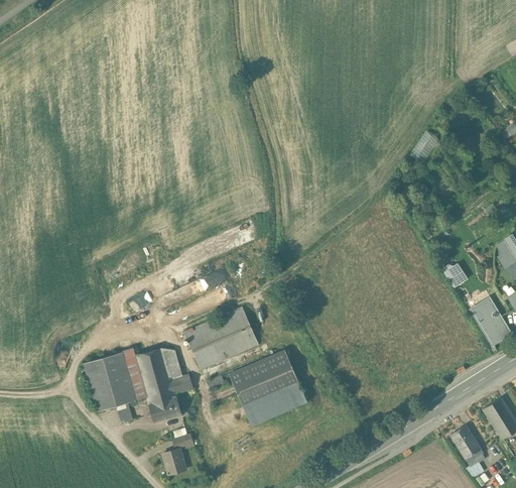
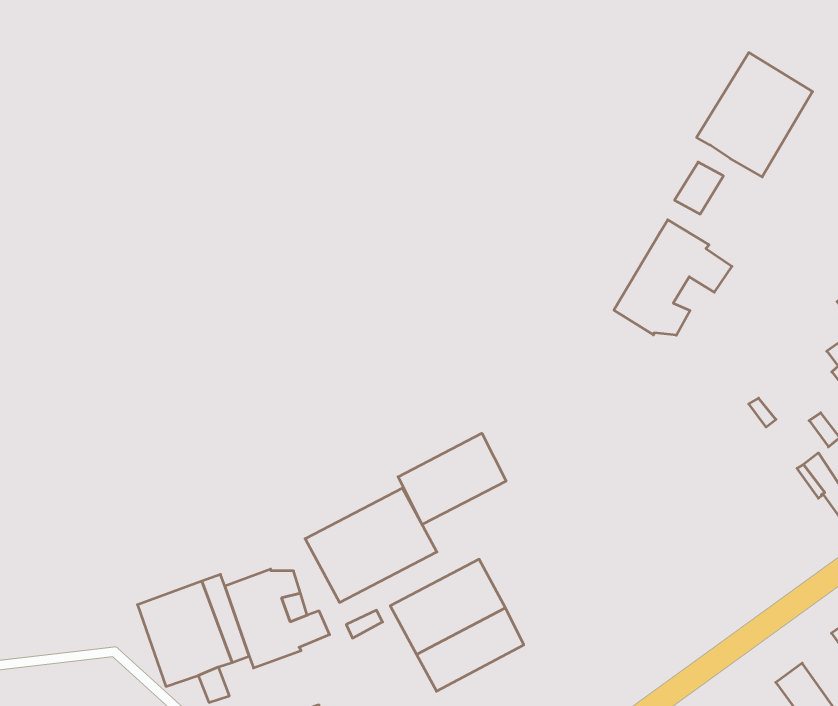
building: none -> [697,53,813,177]
building: none -> [614,220,732,335]
building: none -> [398,433,506,525]
building: [149,396,182,422] -> none

